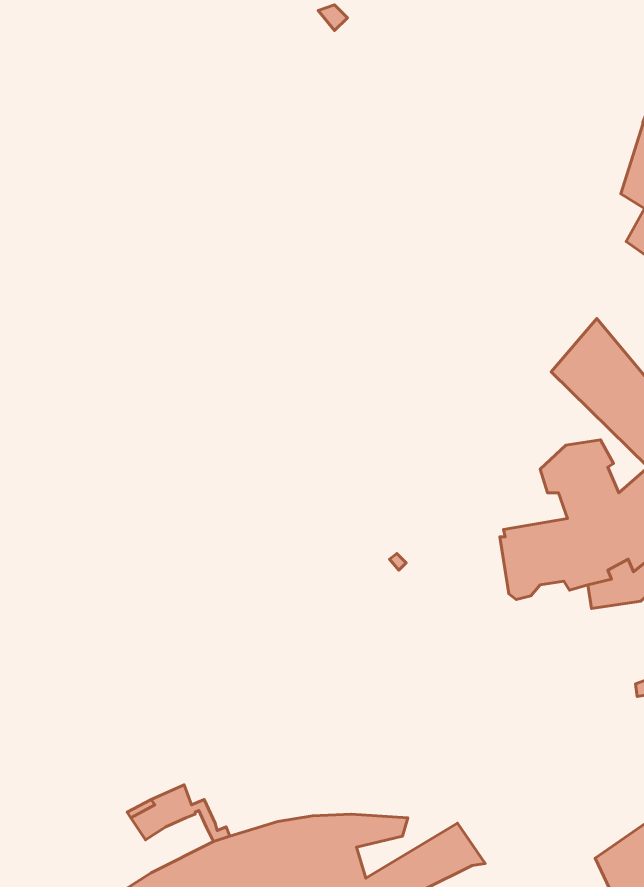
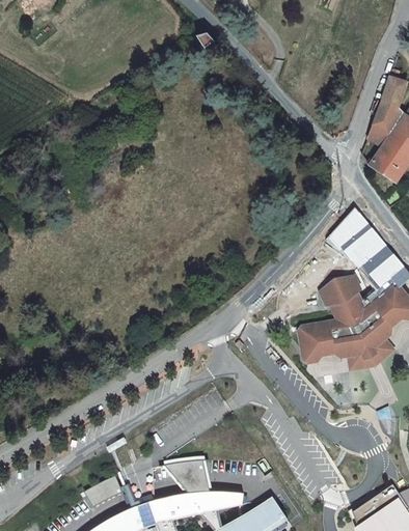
building: none -> [169,457,215,490]

